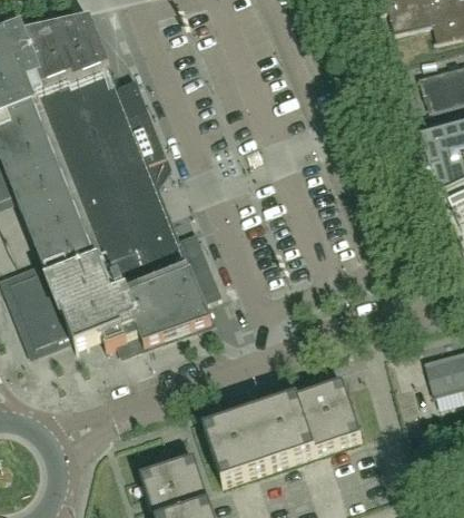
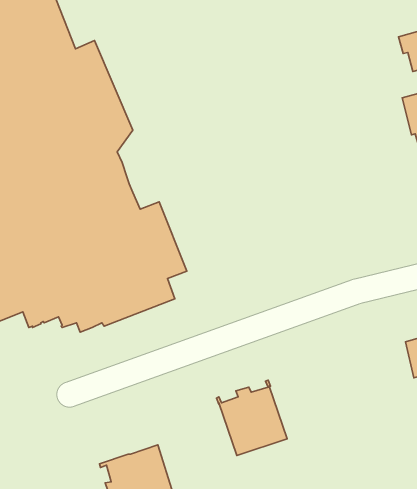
building: [297,381,361,451] -> none
building: [203,418,267,482] -> none

